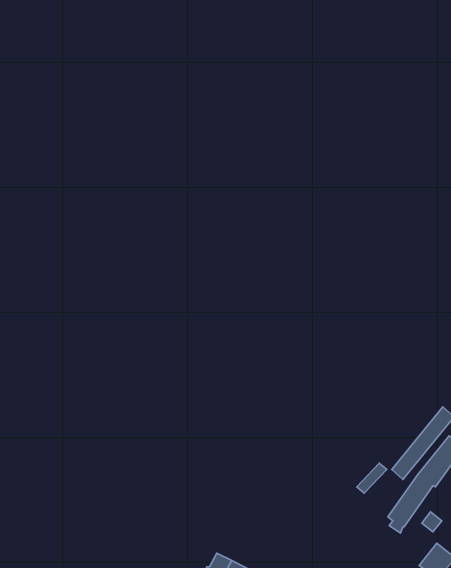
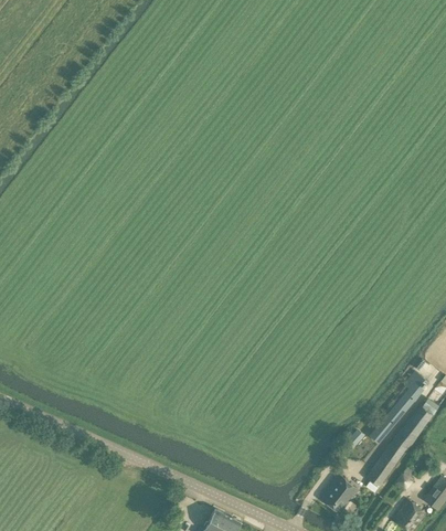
building: none -> [318,475,355,513]

